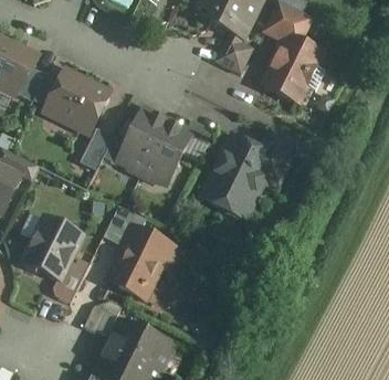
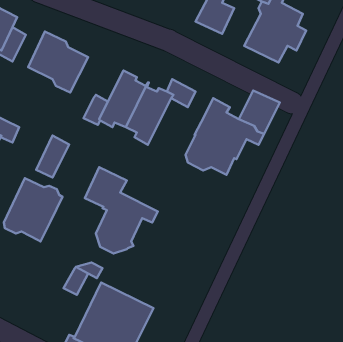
building: [78,127,112,169] -> [36,135,69,178]
building: [52,258,86,302] -> none

